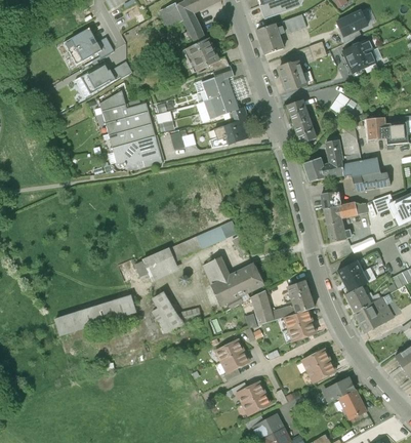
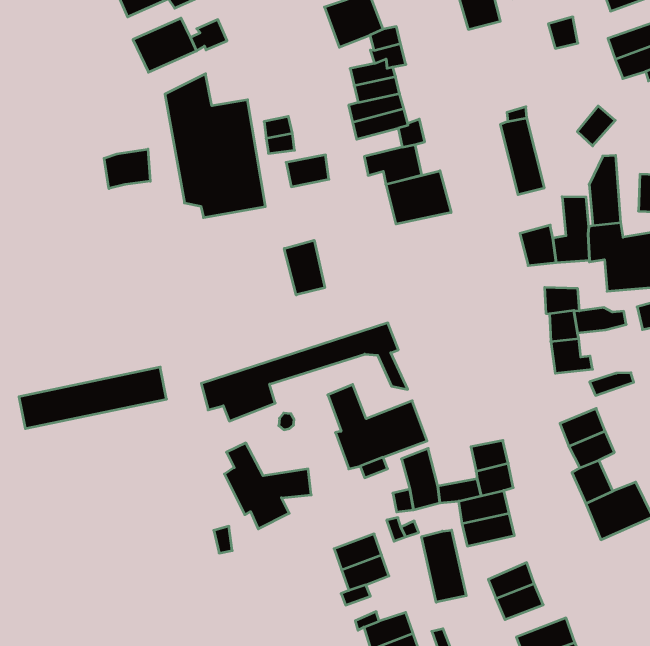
building: [279,59,306,91] -> none
building: none -> [386,171,451,224]
building: none -> [104,149,150,189]
building: none -> [284,240,325,295]
building: [52,296,134,337] -> [19,367,167,429]
building: none -> [422,530,466,602]

